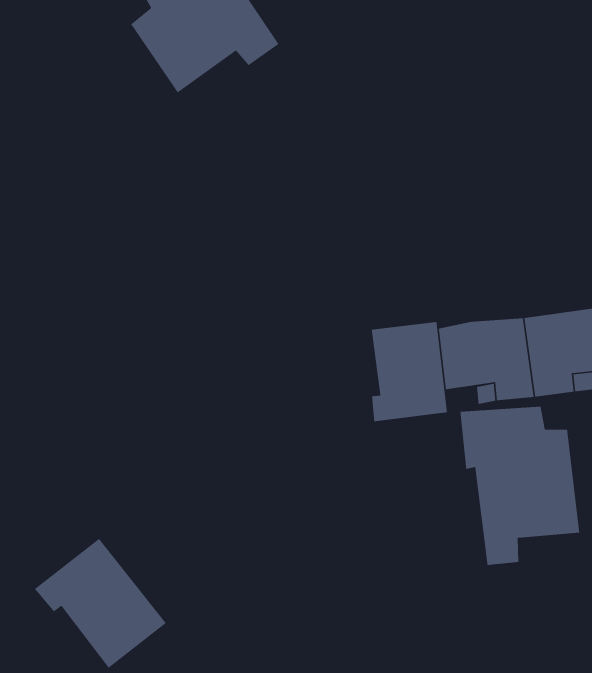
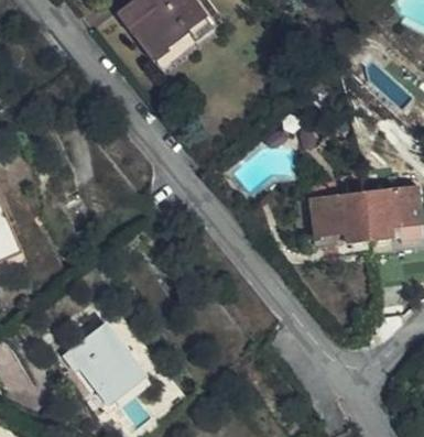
building: [371,321,448,422] -> none
building: [459,406,580,566] -> none

